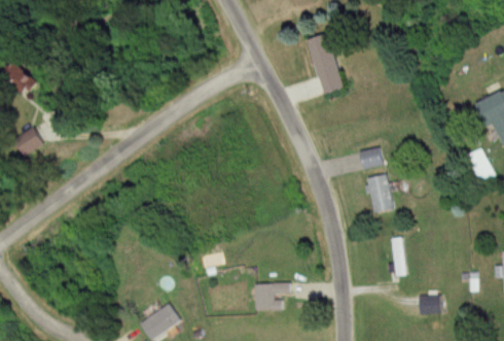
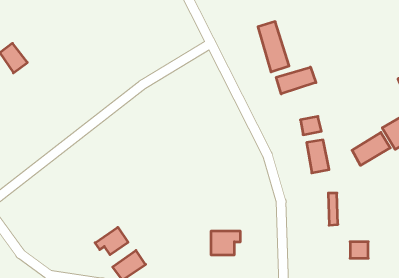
building: none -> [276,67,316,94]
building: [15,127,45,156] -> none
building: none -> [352,132,390,165]
building: none -> [95,227,128,255]

